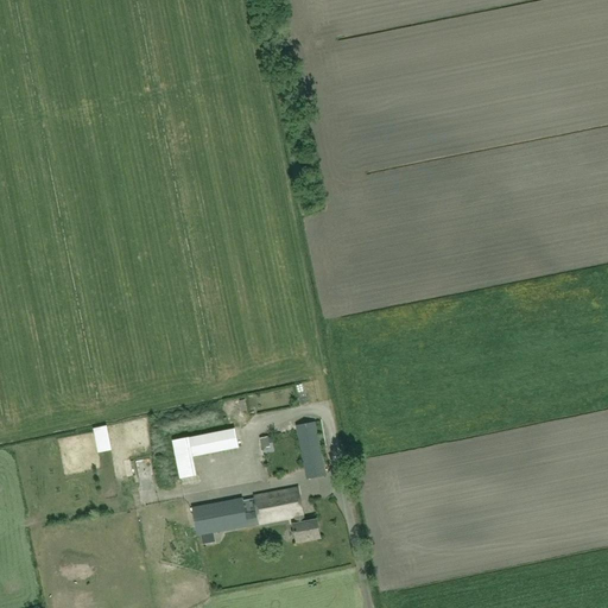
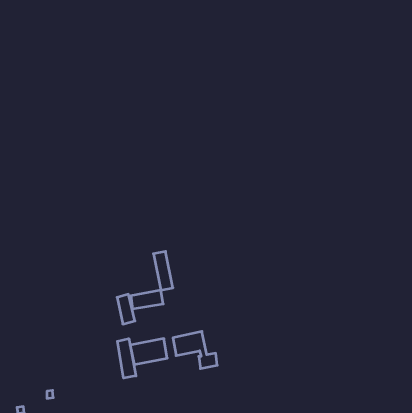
building: [296,422,324,479] -> [153,251,173,290]
building: none -> [117,339,136,378]

